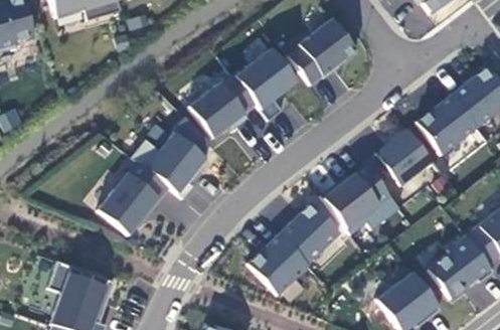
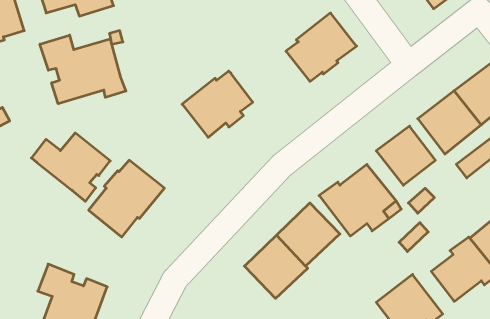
building: none -> [40,35,126,104]
building: [234,48,296,121] -> none
building: [131,133,207,199] -> [31,133,110,201]

